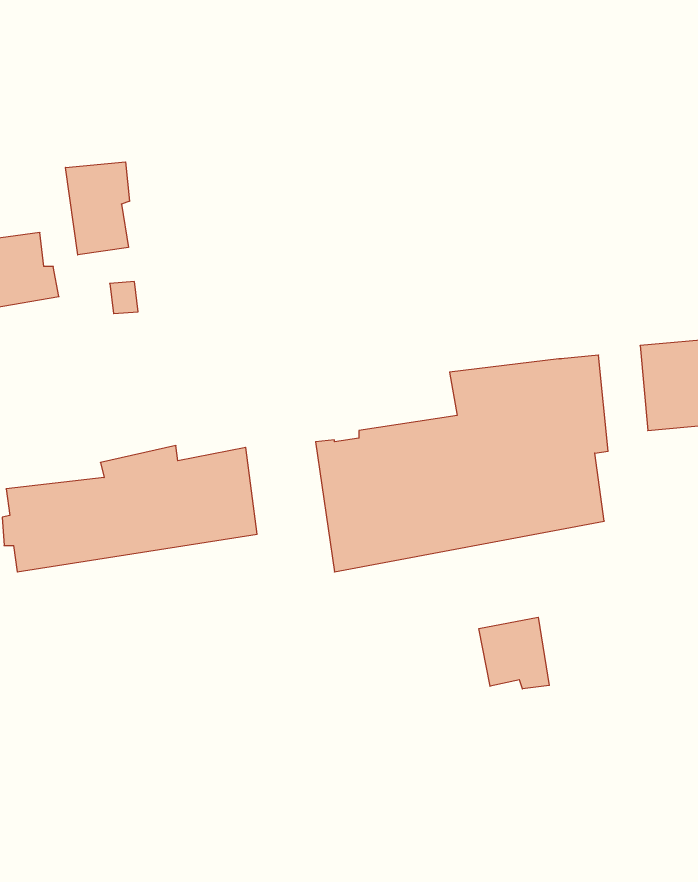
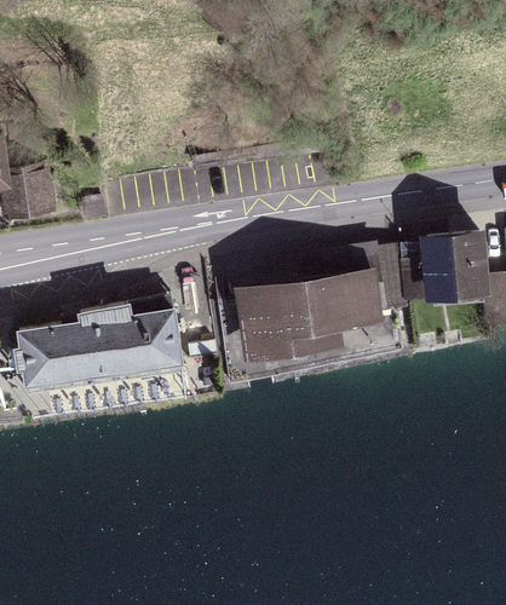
building: [66,162,130,255] -> none
building: [479,617,549,689] -> none

